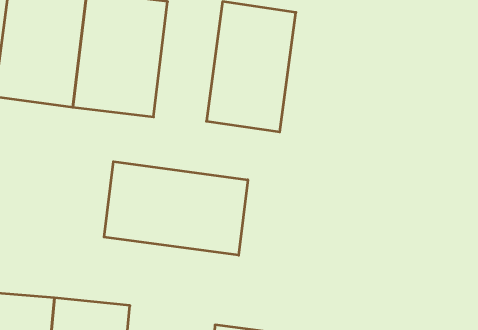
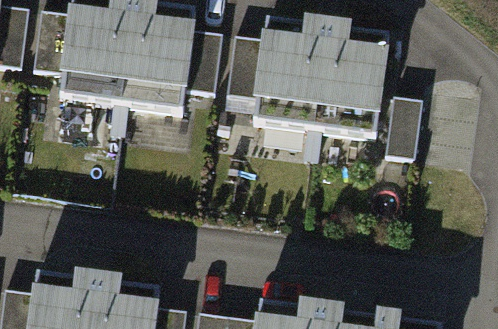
building: none -> [306,12,395,133]
building: [104,162,248,255] -> none

